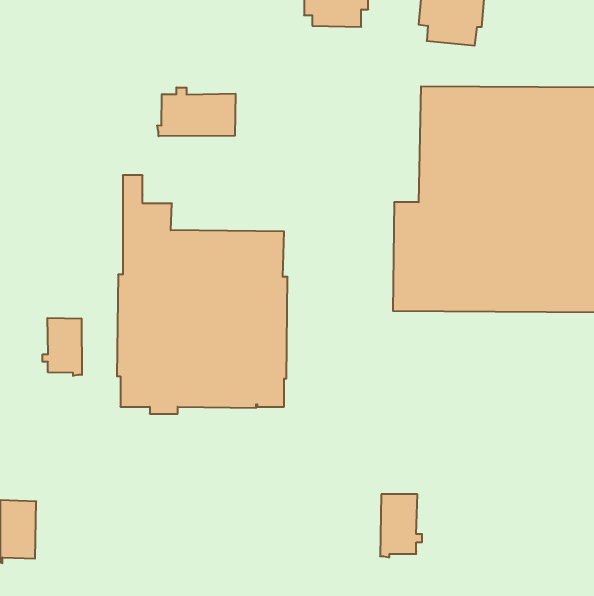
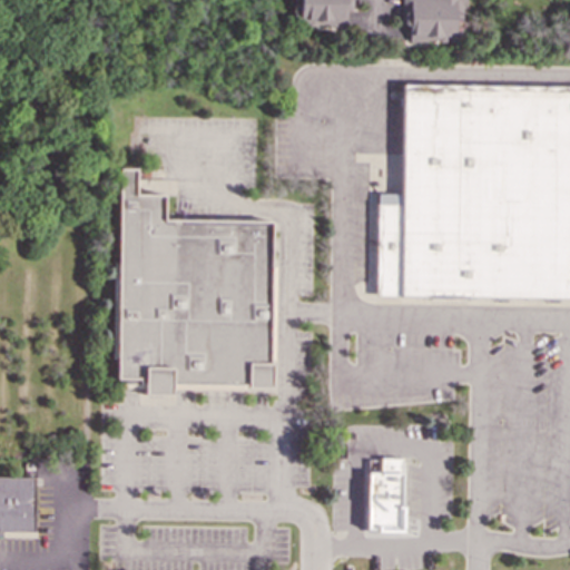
building: [157,87,235,136] -> none
building: [42,318,82,376] -> none

